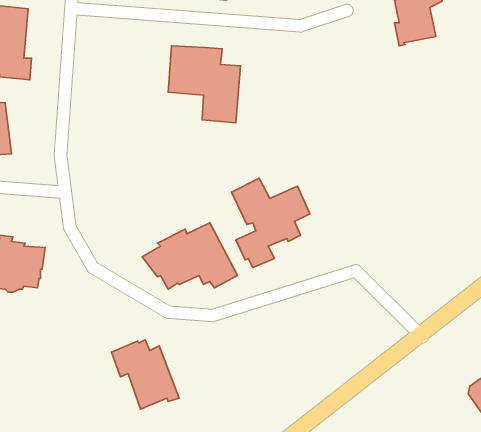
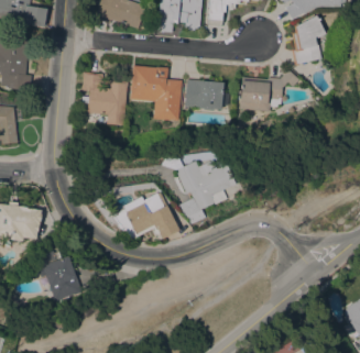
building: none -> [239,69,299,112]
building: none -> [83,73,128,125]
building: none -> [185,79,225,111]
building: [111,340,179,409] -> [34,251,83,300]

